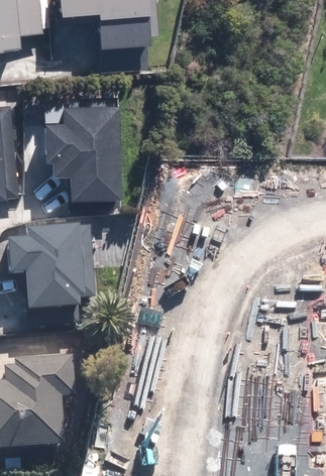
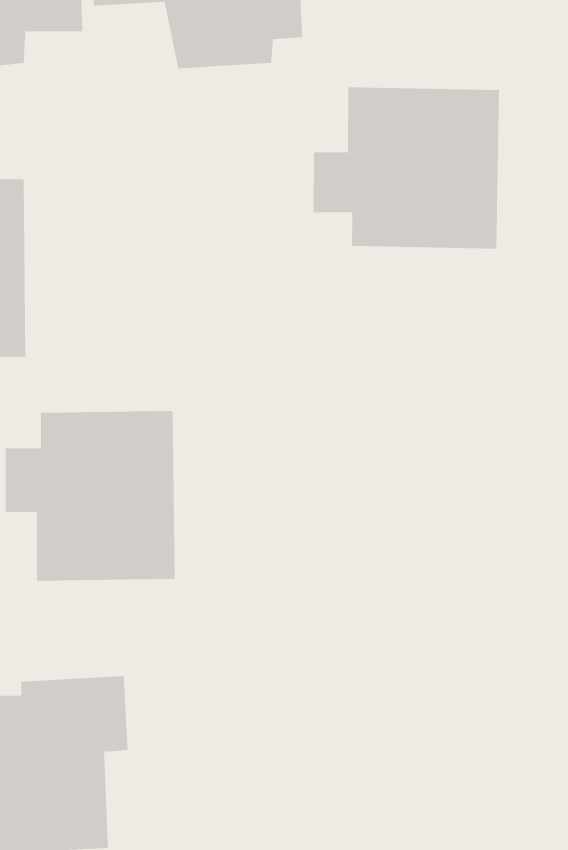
building: none -> [313,87,500,249]
building: [38,93,117,202] -> none

